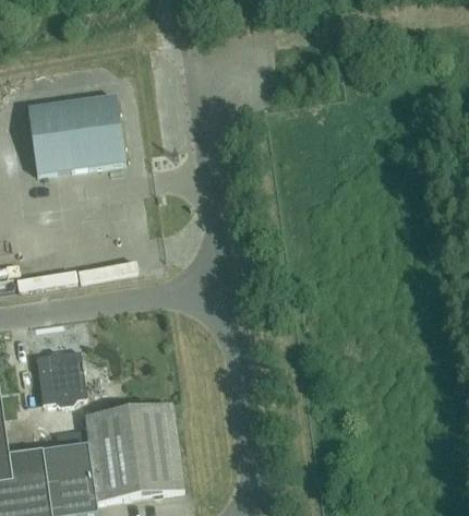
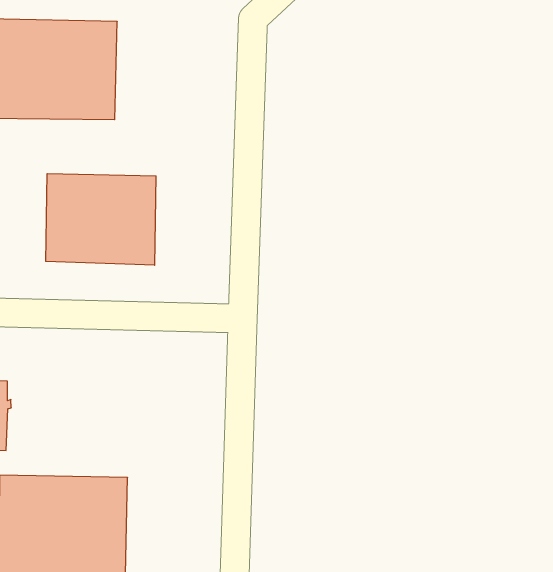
building: none -> [46,174,156,265]

